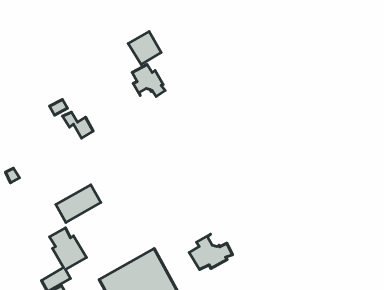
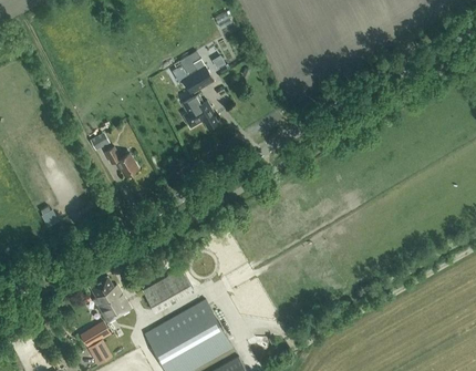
building: [56,185,101,223] -> [143,268,193,310]
building: [189,234,232,270] -> none

